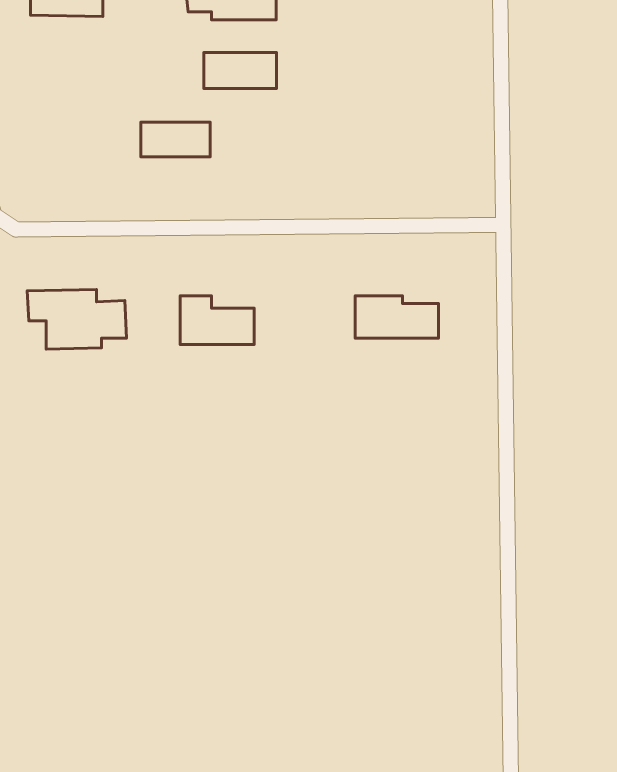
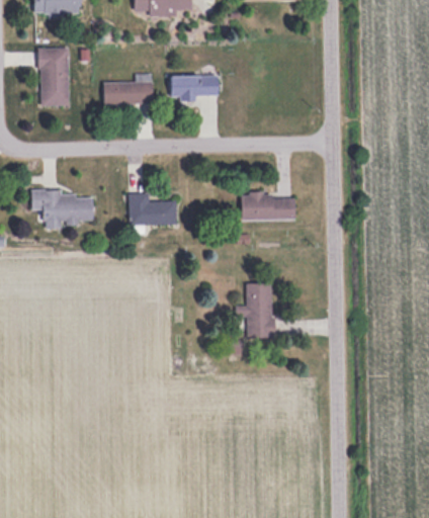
building: [204,52,276,89] -> [170,75,217,98]
building: none -> [39,47,68,104]
building: none -> [235,281,272,338]

